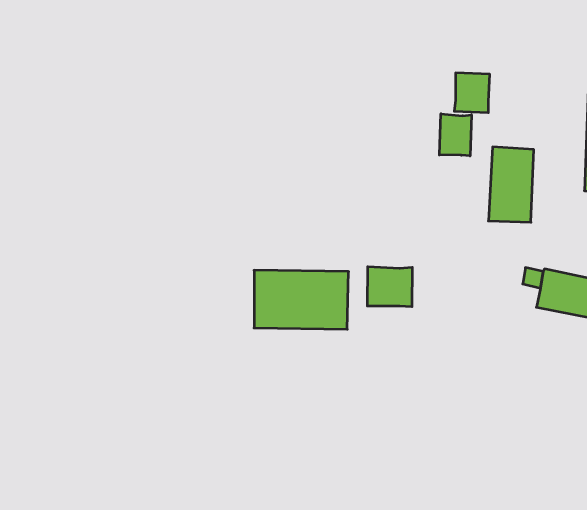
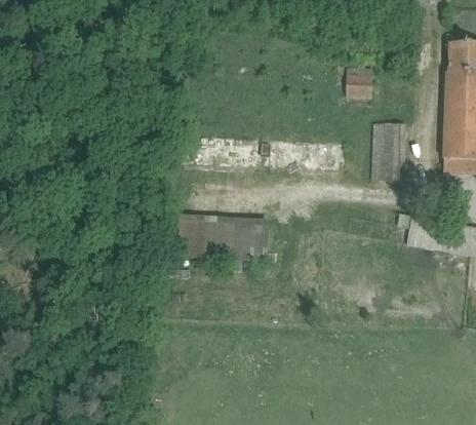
building: [439,114,471,156] -> none
building: [367,267,412,307] -> none

